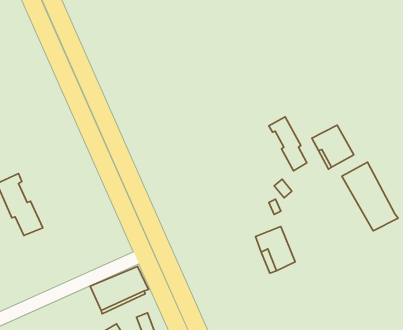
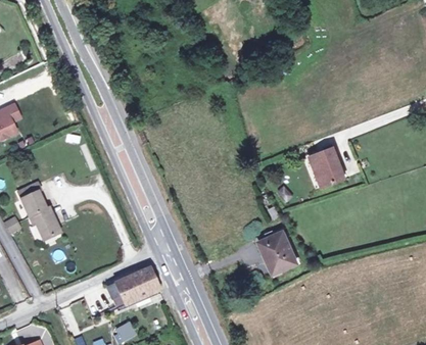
building: [269,117,307,171] -> none
building: [342,162,398,231] -> none

